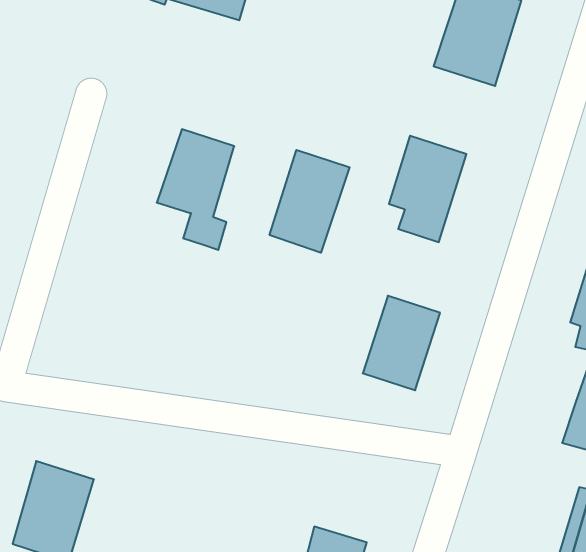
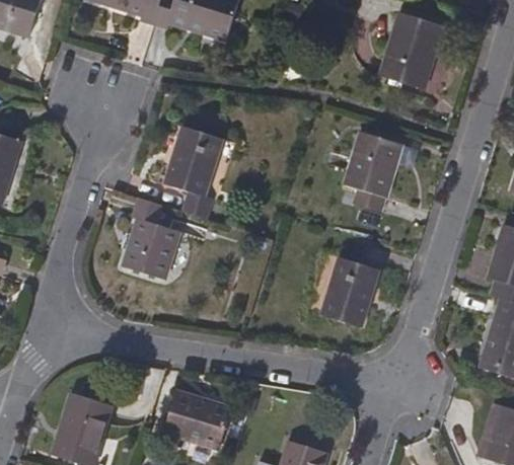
building: [270,150,350,253] -> none
building: none -> [130,198,182,281]
building: none -> [162,386,231,446]

